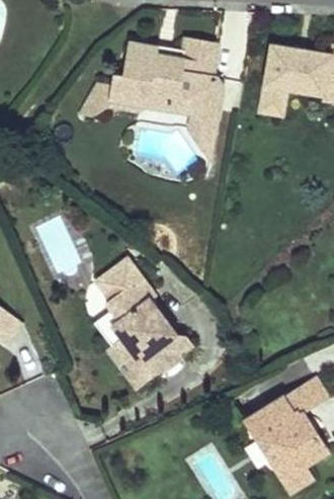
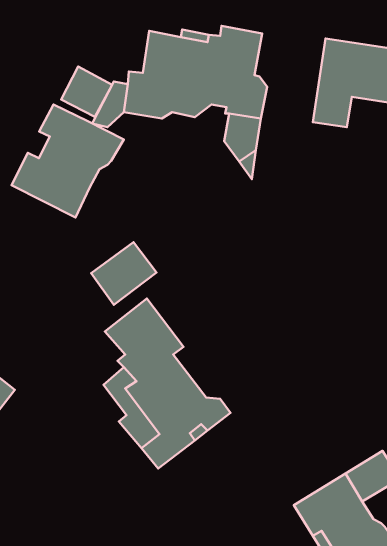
building: none -> [61,67,112,117]
building: none -> [11,105,124,217]
building: none -> [91,242,156,305]

